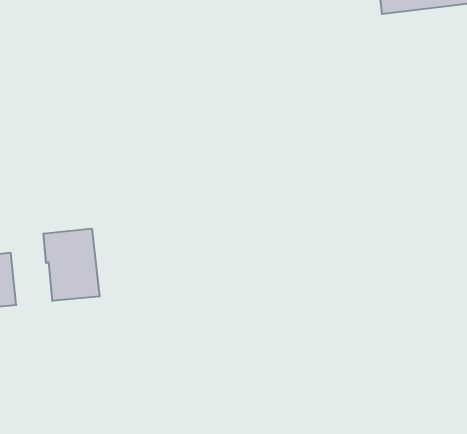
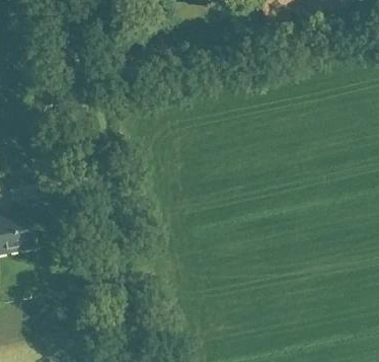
building: [44,229,99,301] -> none

